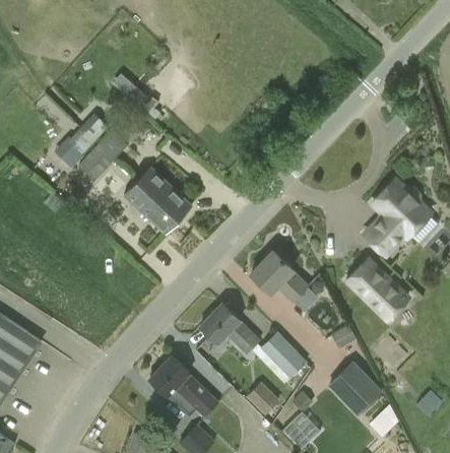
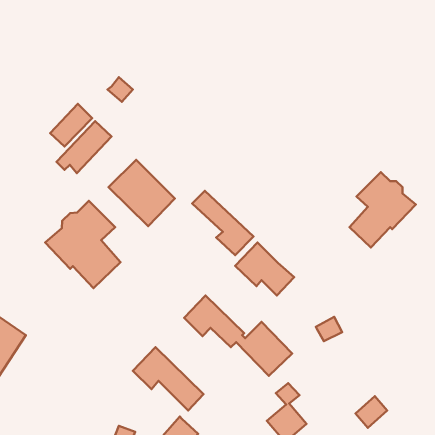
building: none -> [192,191,253,255]
building: none -> [45,201,121,288]
building: [346,261,406,320] -> none
building: [326,360,382,416] -> none
building: [245,380,280,414] -> none

